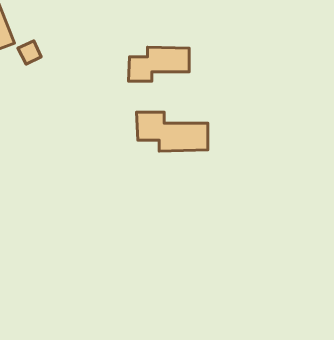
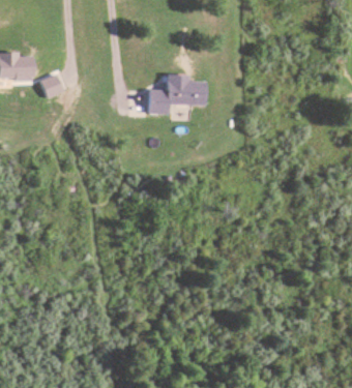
building: [137,112,208,151] -> none

